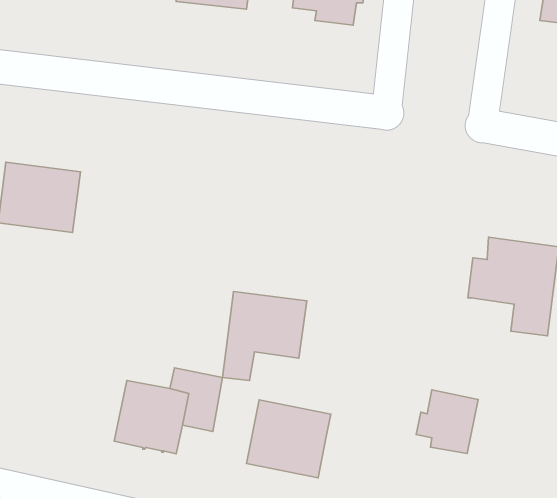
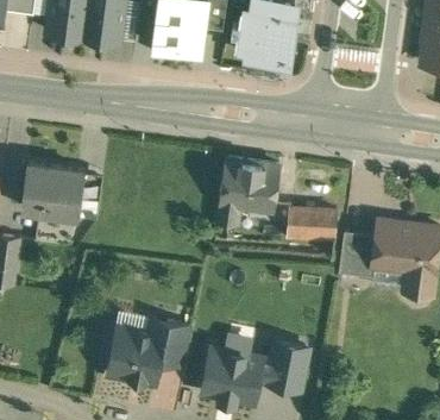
building: none -> [287,208,337,243]
building: none -> [339,232,376,278]
building: [222,291,307,381] -> [216,161,279,227]
building: [416,390,478,454] -> [266,337,313,384]

